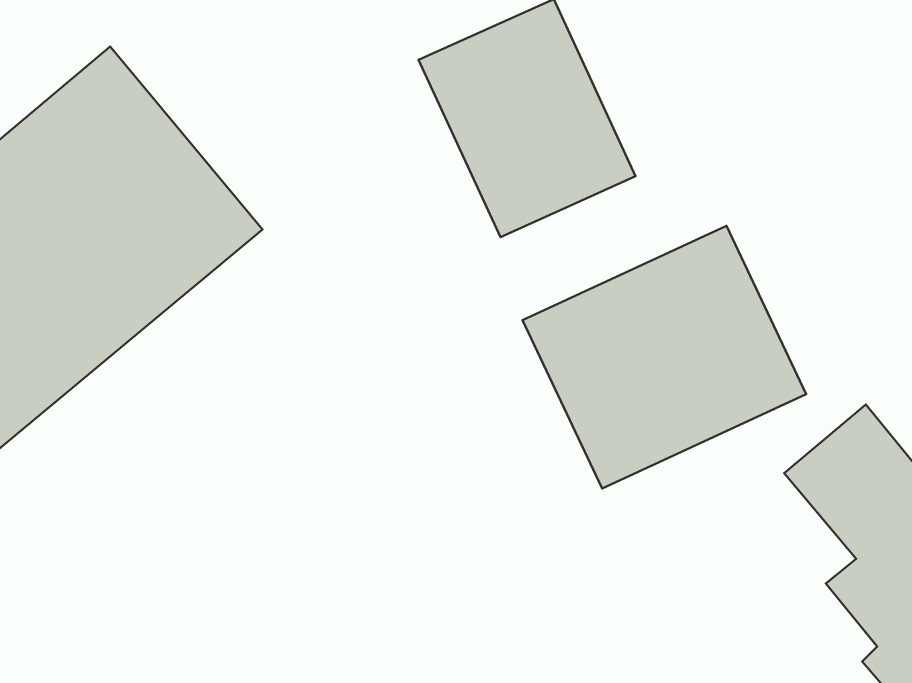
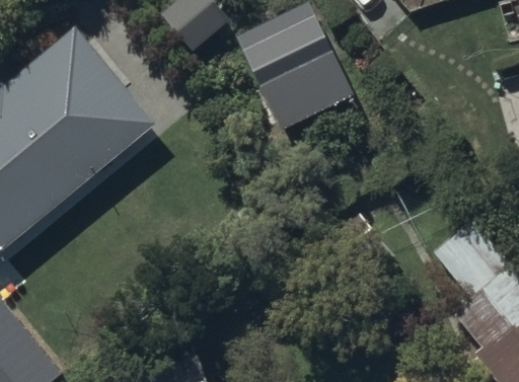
building: [523,226,806,489] -> none

